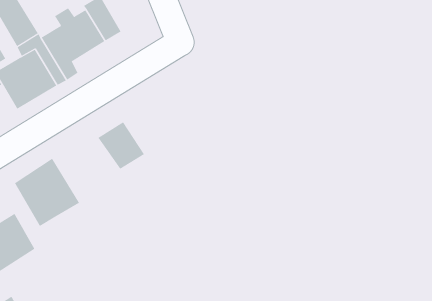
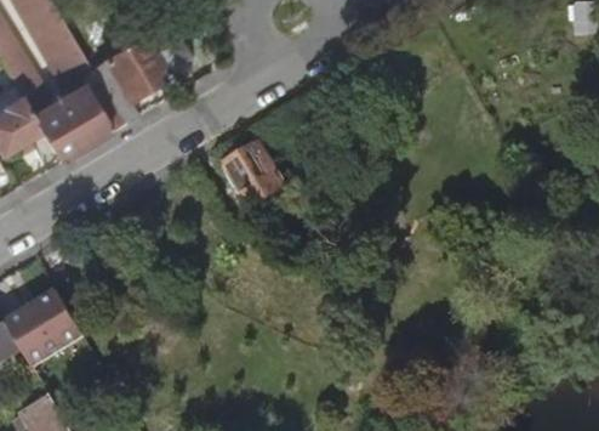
building: [98,122,145,170] -> [224,141,284,202]
building: [14,158,80,227] -> none

